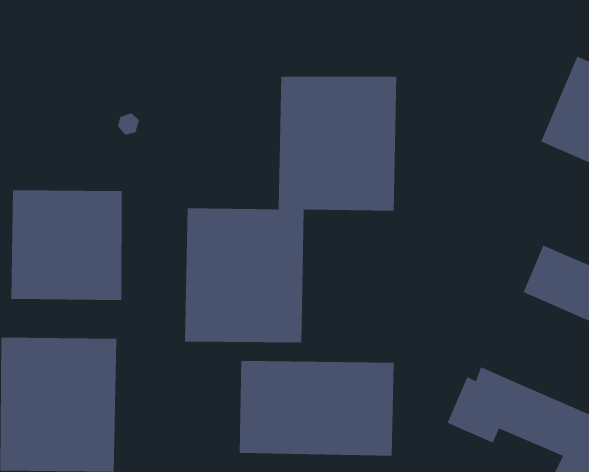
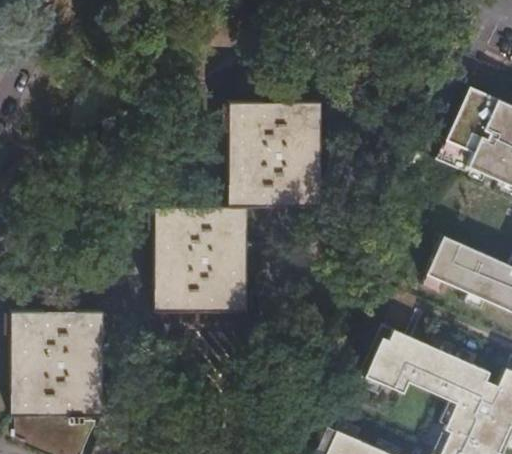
building: [11,189,122,301] -> none
building: [239,360,394,457] -> none

